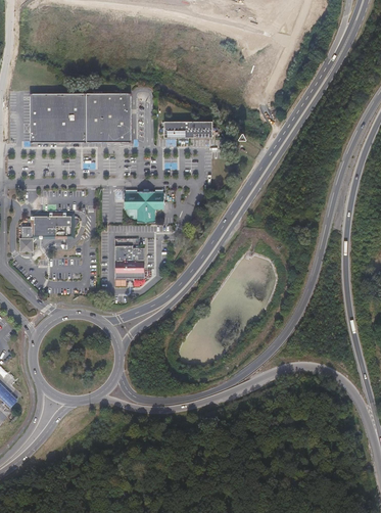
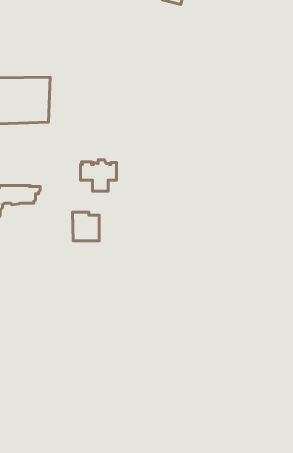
building: [87,92,132,143] -> none
building: [163,123,211,141] -> none

